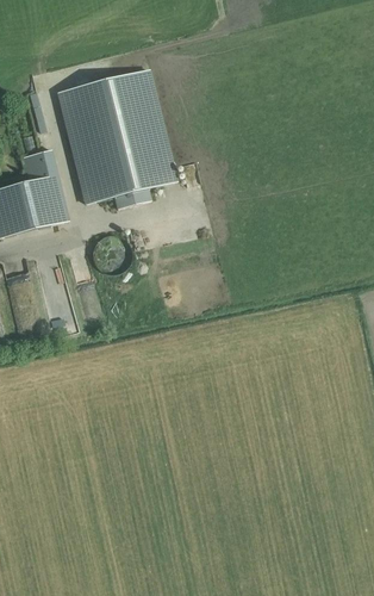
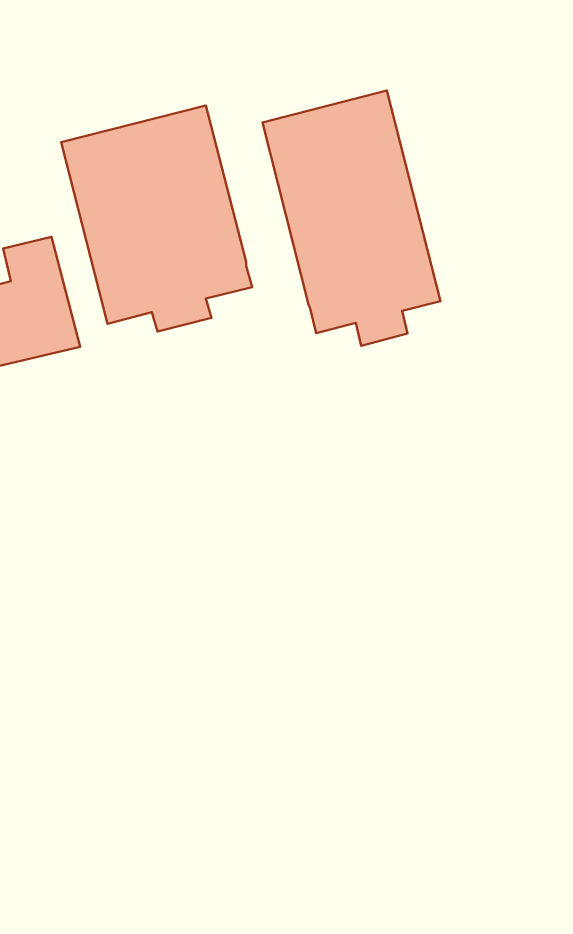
building: none -> [262,90,441,346]

